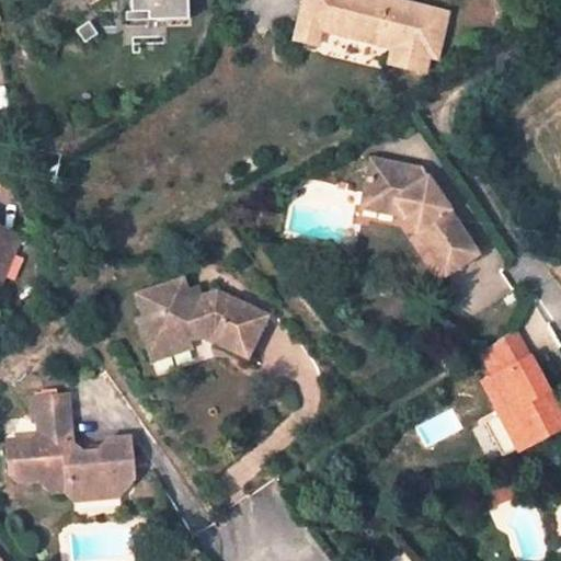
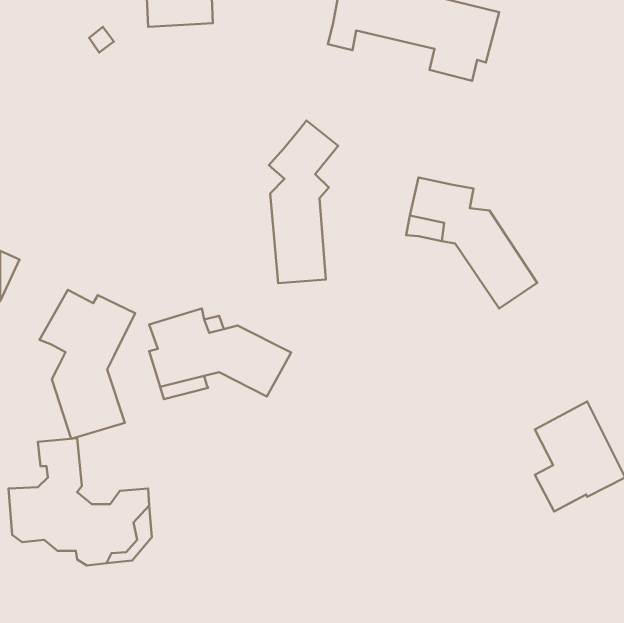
building: none -> [269,121,338,283]
building: none -> [40,290,135,439]
building: [468,329,527,385] -> none

